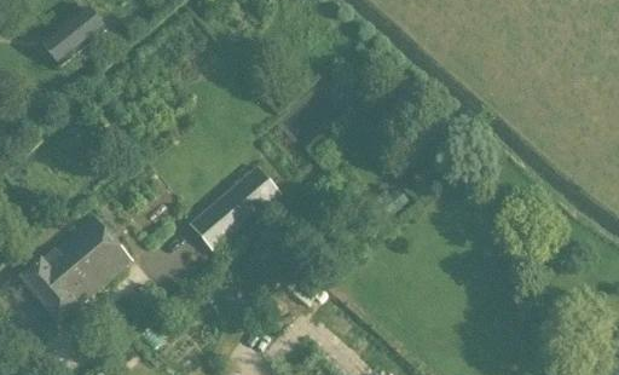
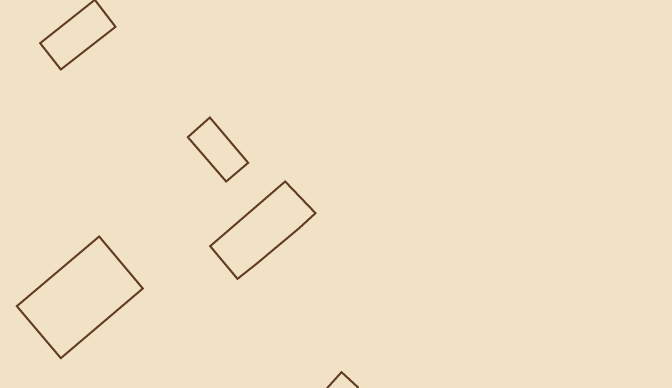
building: none -> [188,118,248,182]

